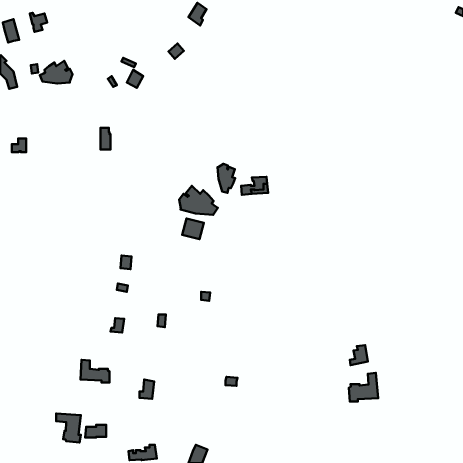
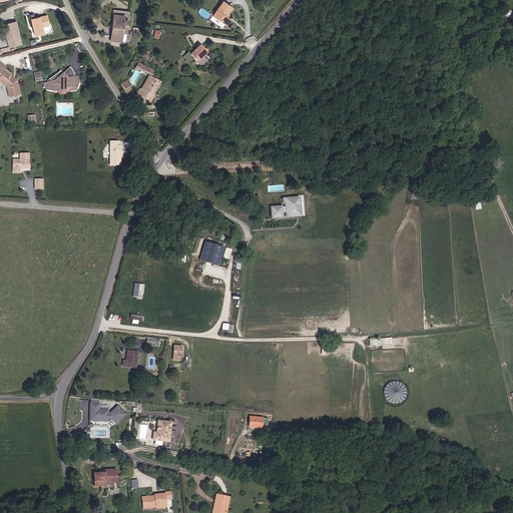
building: none -> [108,11,127,43]
building: [218,164,235,193] -> none
building: [179,186,218,215] -> none
building: [349,373,378,402] -> none
building: [56,414,81,443] -> none

